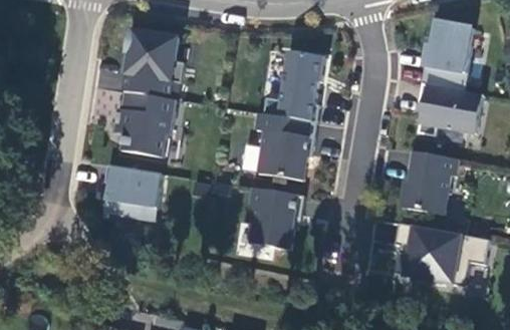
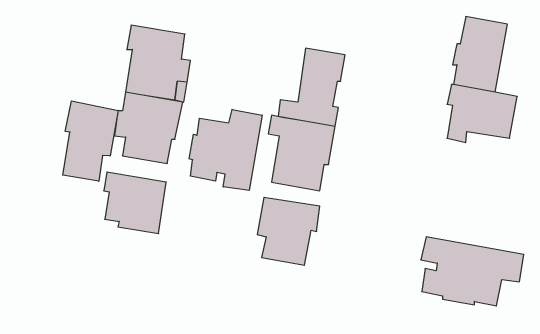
building: none -> [63,101,118,181]
building: none -> [189,109,262,190]
building: [401,150,457,215] -> none

